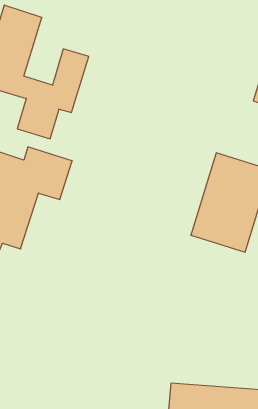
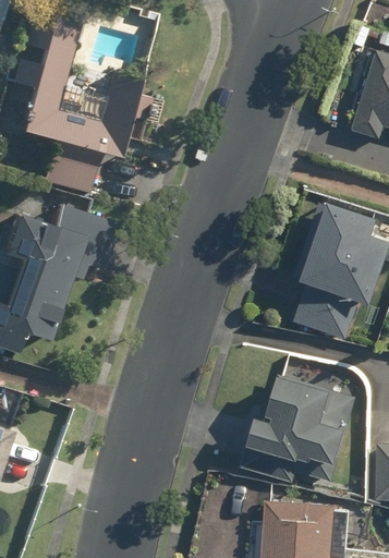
building: none -> [243,364,355,482]

